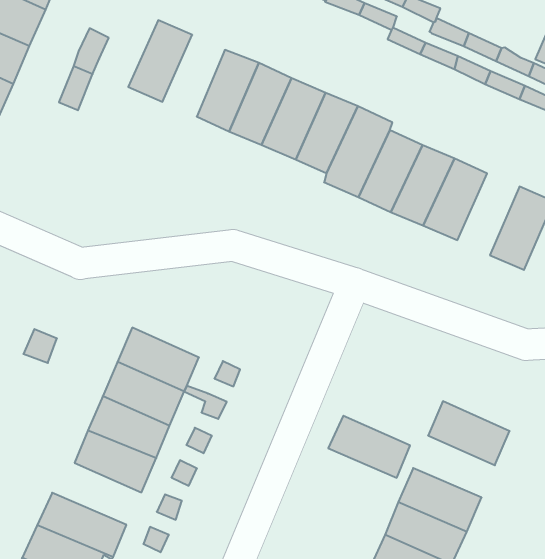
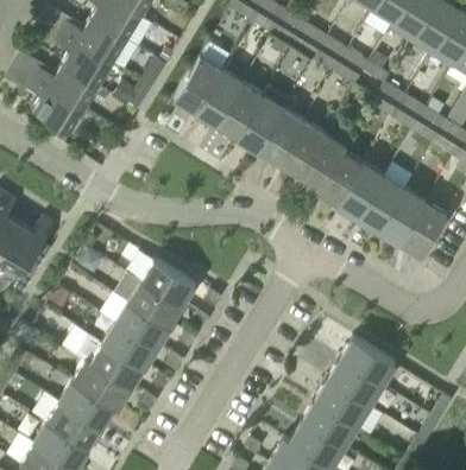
building: none -> [195,70,241,125]
building: none -> [378,190,424,244]
building: [328,416,410,478] -> [327,358,382,405]
building: none -> [76,335,144,389]

